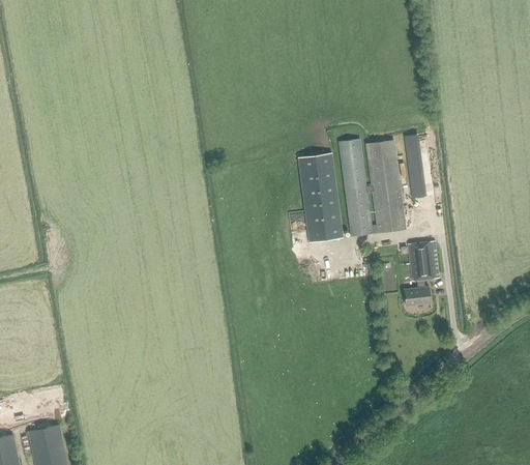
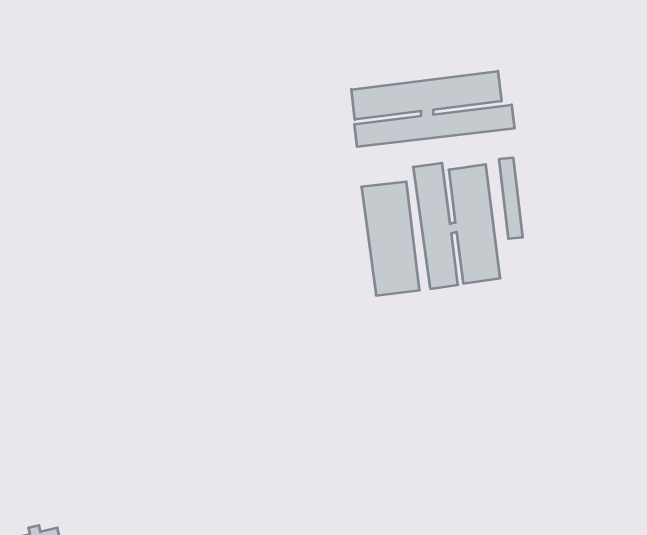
building: none -> [351,71,514,147]
building: [404,241,439,307] -> none

